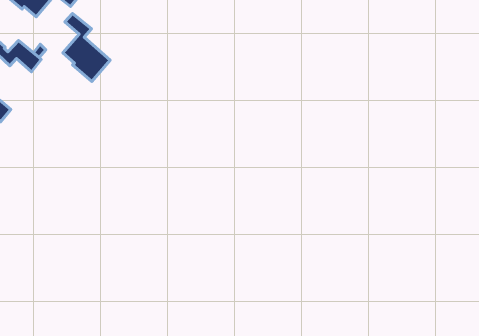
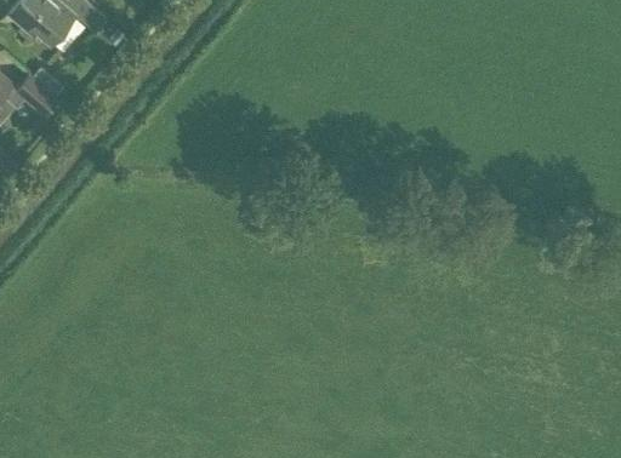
building: [63,13,110,81] -> none

